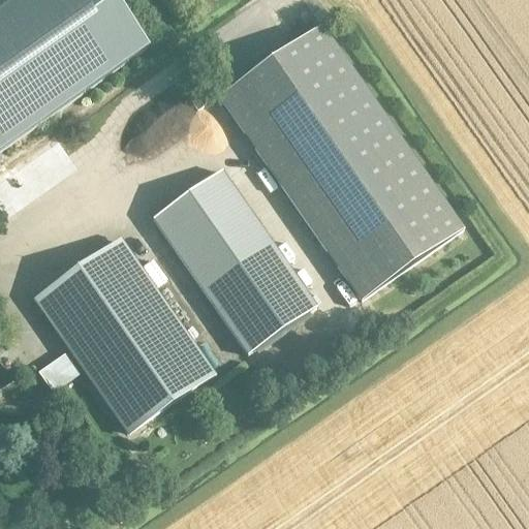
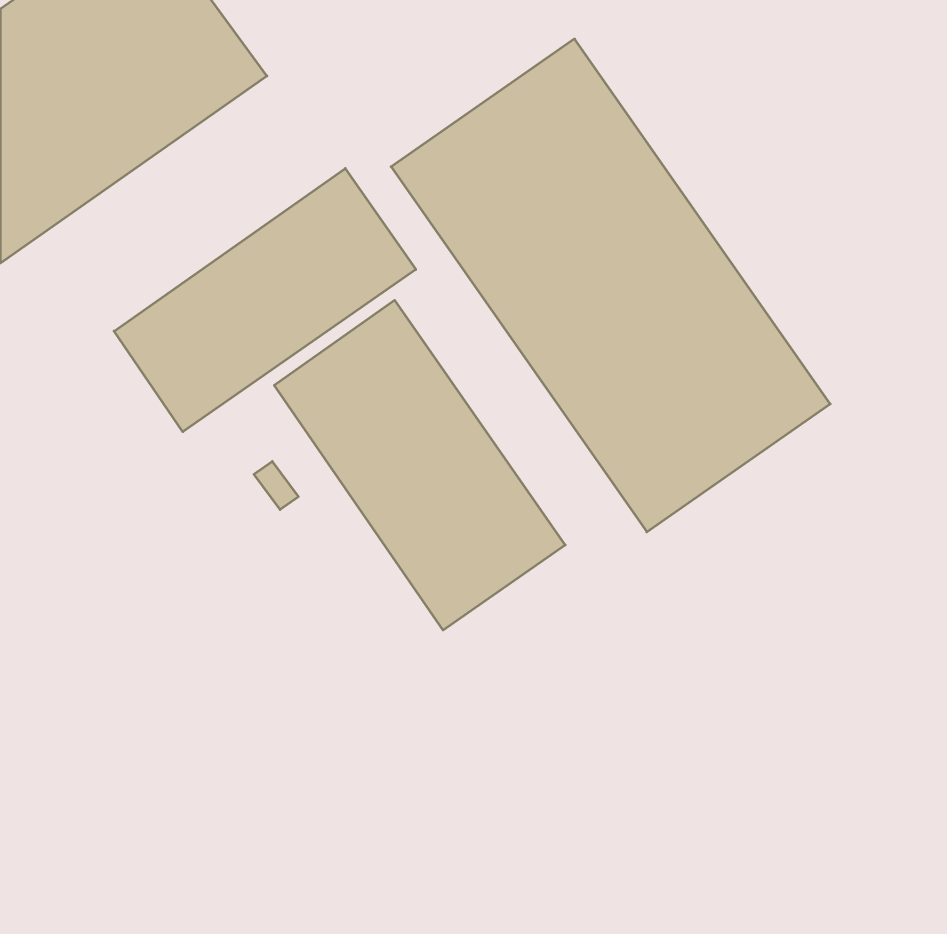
building: none -> [114,168,416,432]
building: [36,239,211,428] -> none

